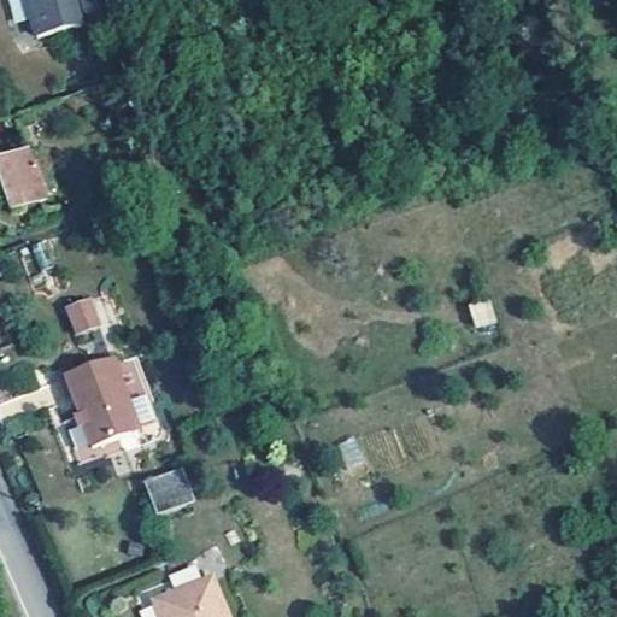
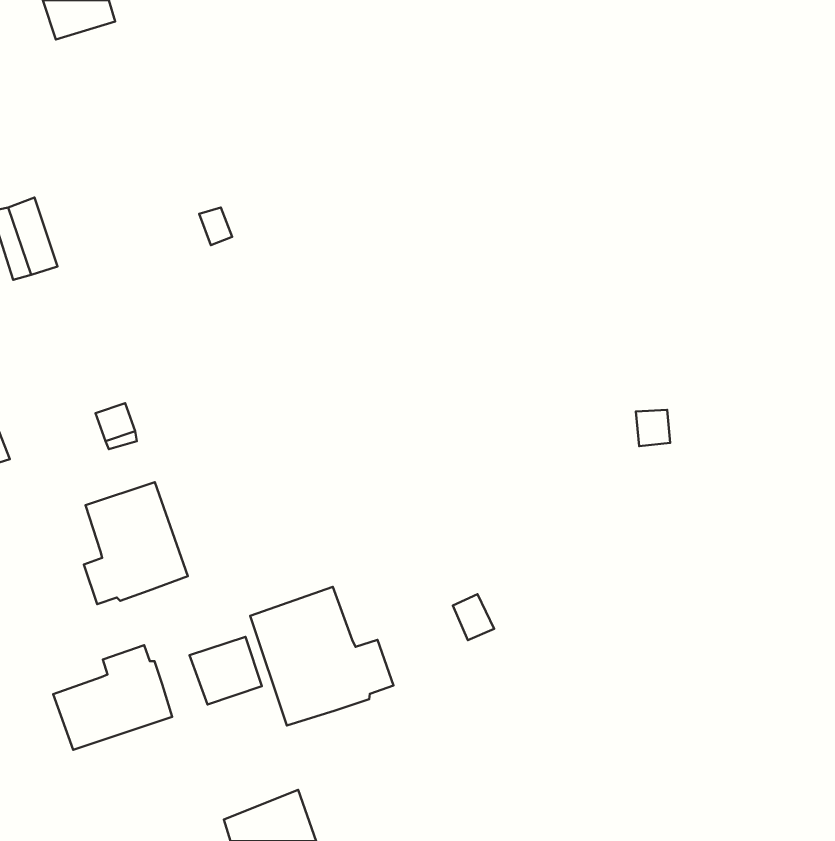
building: none -> [250,587,394,726]
building: none -> [53,645,172,750]

